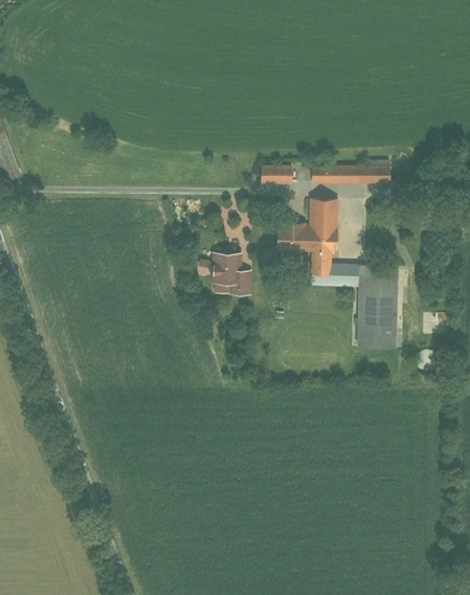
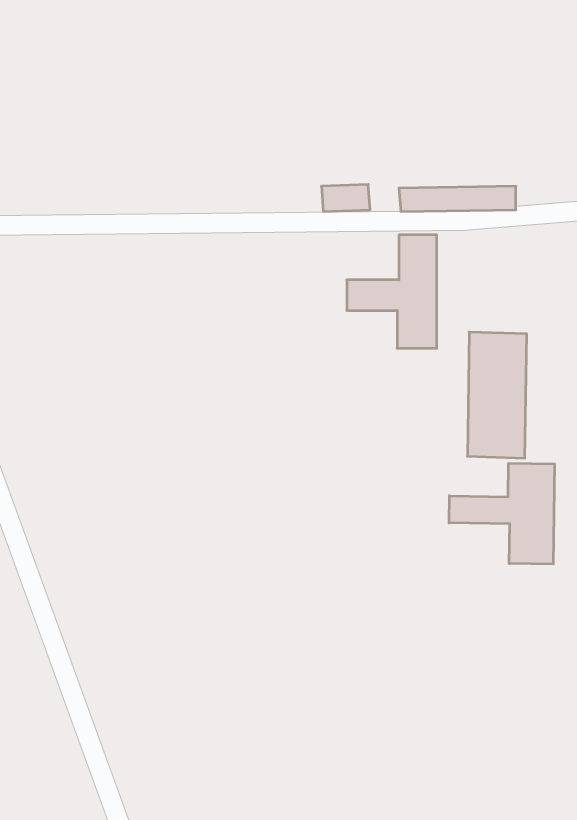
building: [208,251,239,287] -> none
building: none -> [449,463,555,564]

